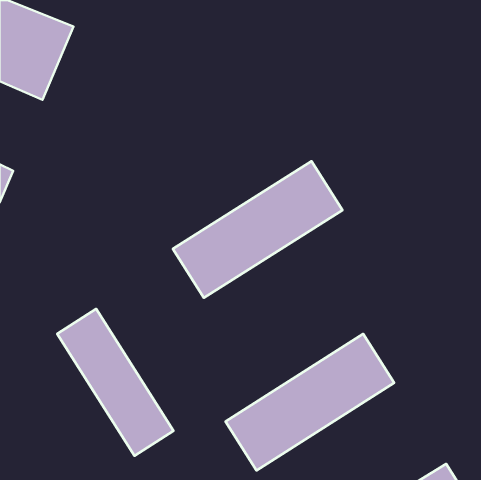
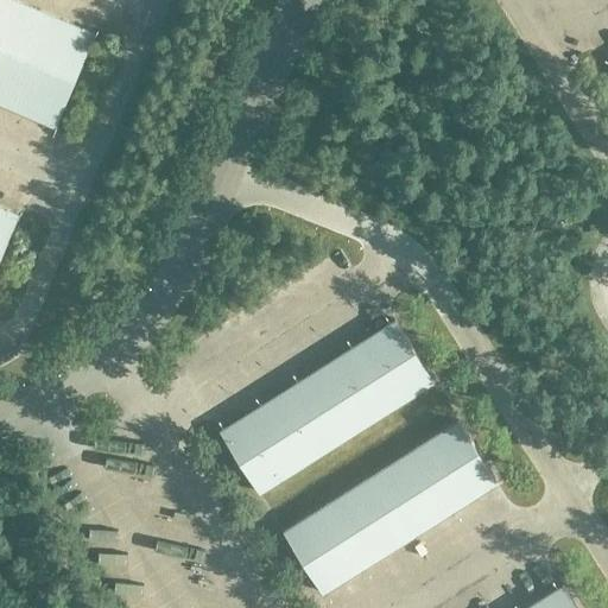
building: [173,161,343,298] -> [220,322,433,494]
building: [57,309,173,456] -> none

